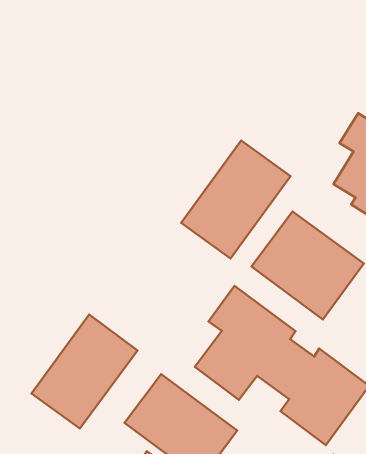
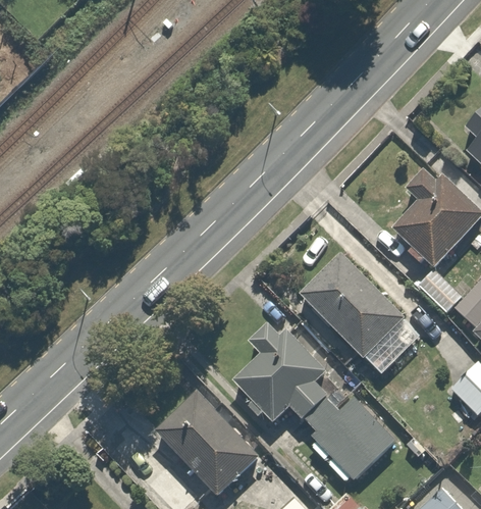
building: [181,141,290,258] -> none
building: [31,314,138,428] -> none

